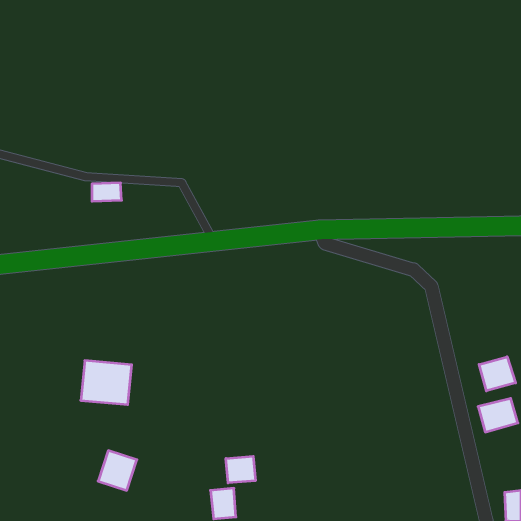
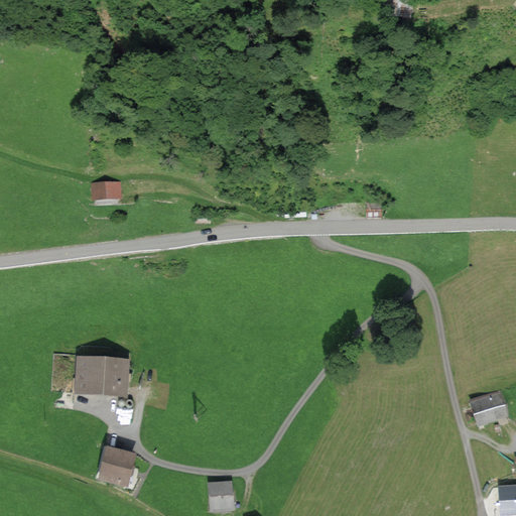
building: [479,357,516,391] -> none
building: [226,456,255,483] -> none

